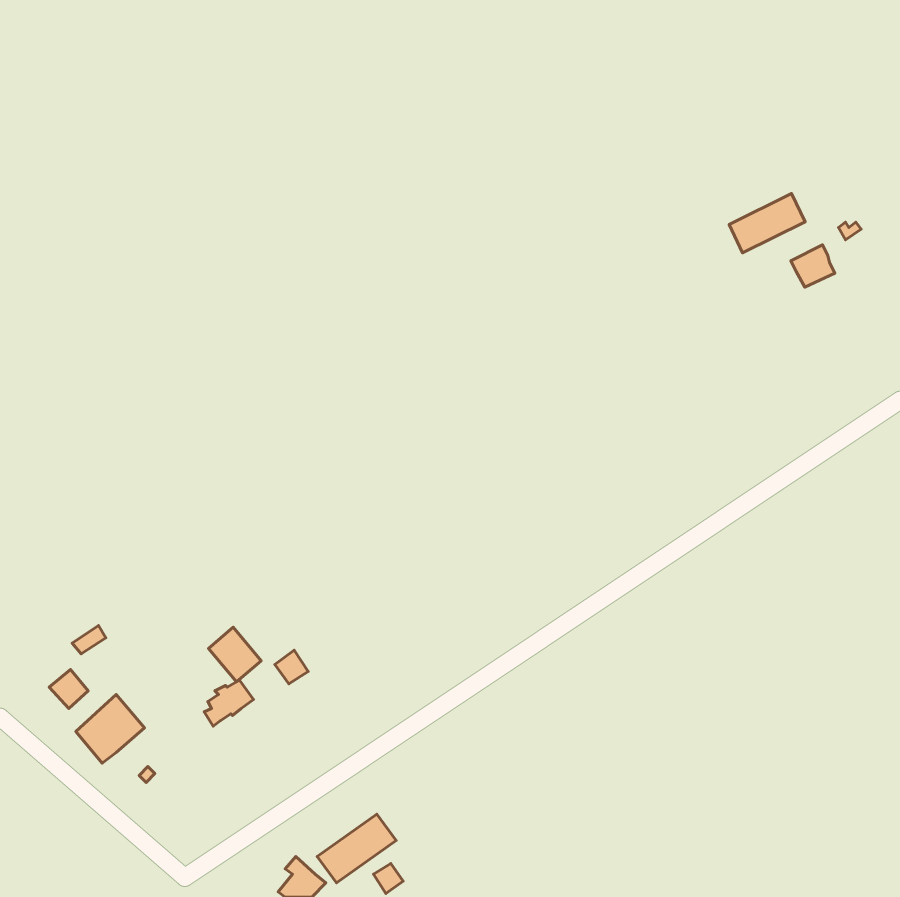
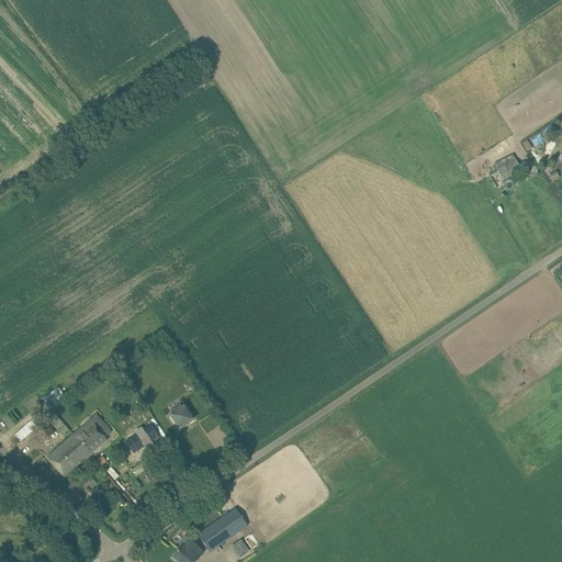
building: [729,193,805,253] -> none
building: [208,627,261,682] -> [72,419,105,453]

